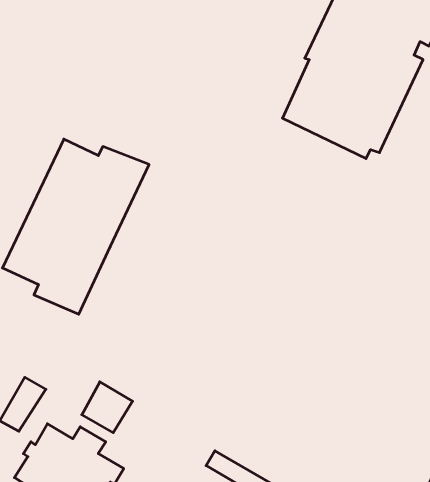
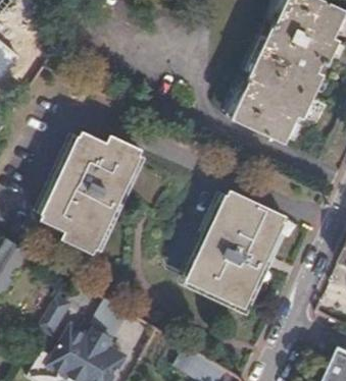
building: none -> [186,189,284,305]

